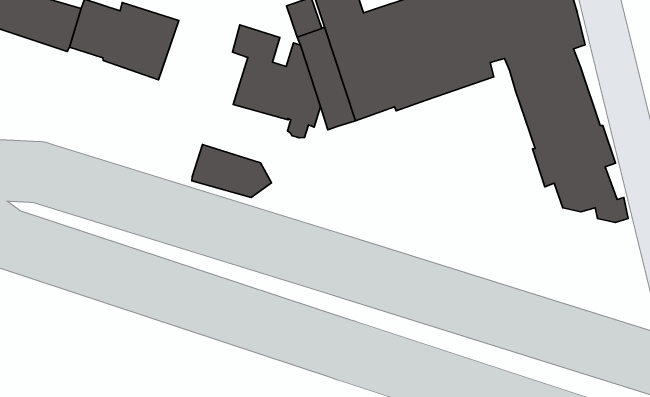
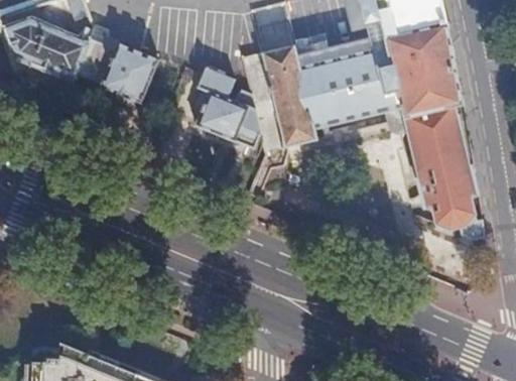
building: [192,145,271,198] -> none

